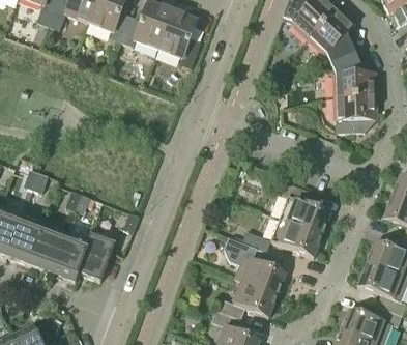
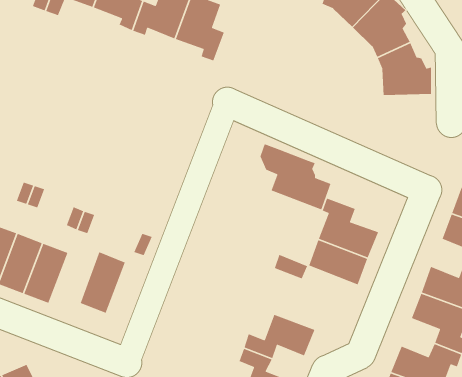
building: [335,96,377,133] -> none
building: [52,229,94,282] -> none
building: [225,238,286,295] -> [259,143,332,210]

